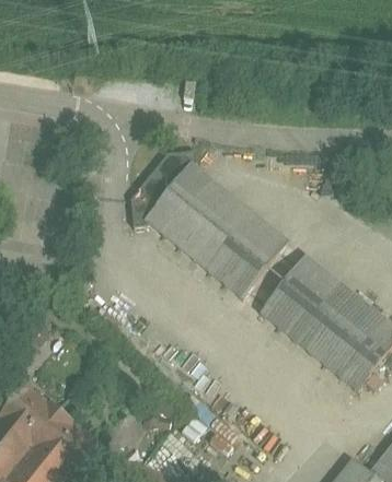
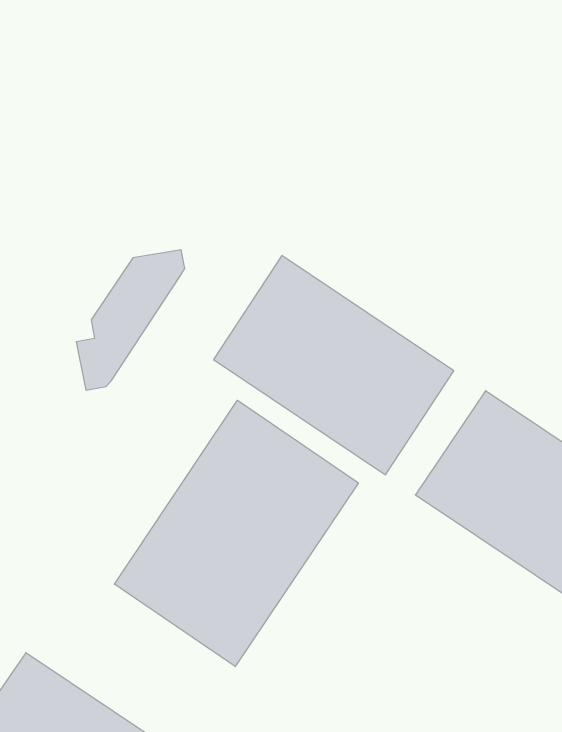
building: [130,151,197,227] -> [76,250,185,390]
building: none -> [114,400,358,667]

